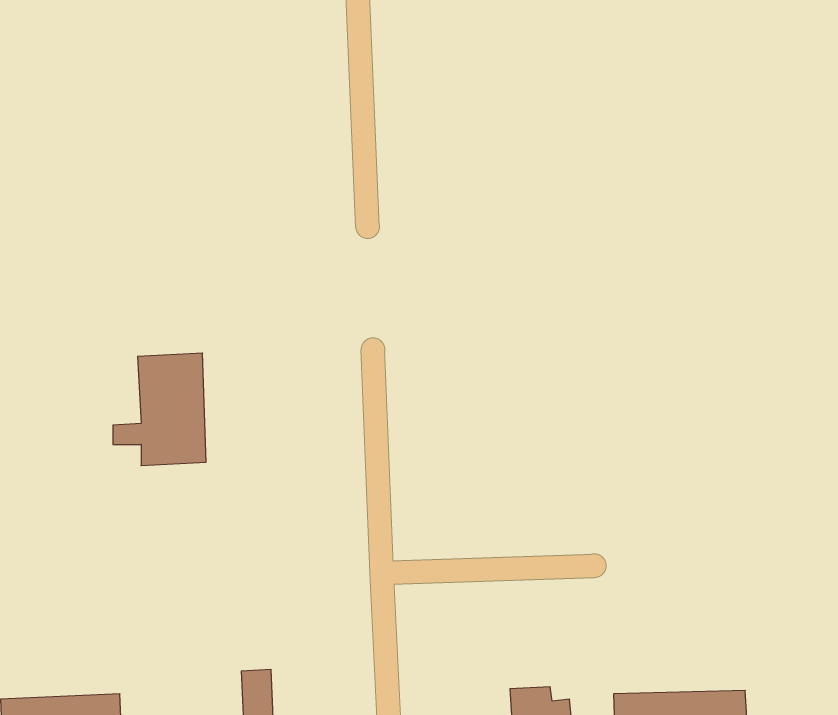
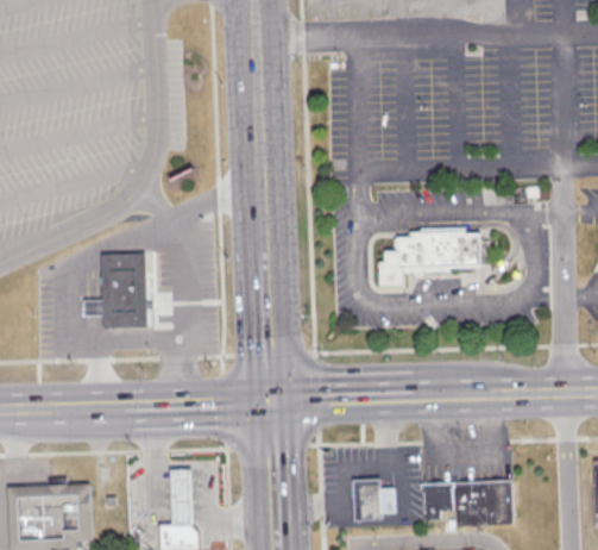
building: none -> [378,230,480,288]

